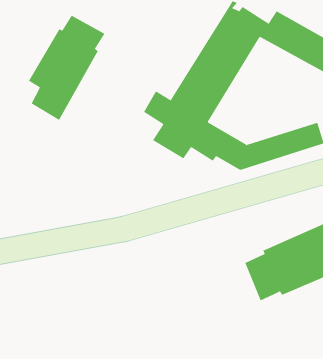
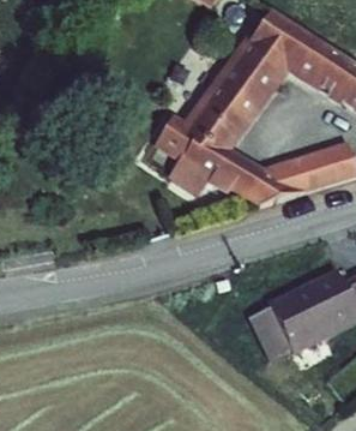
building: [28,15,105,121] -> none

